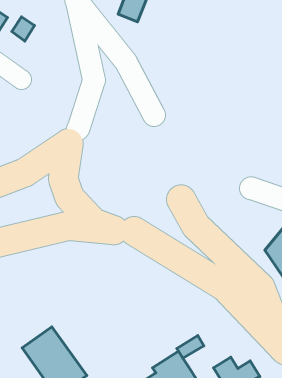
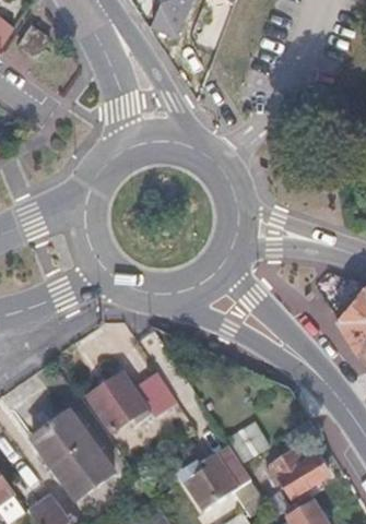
building: none -> [87,372,177,434]

